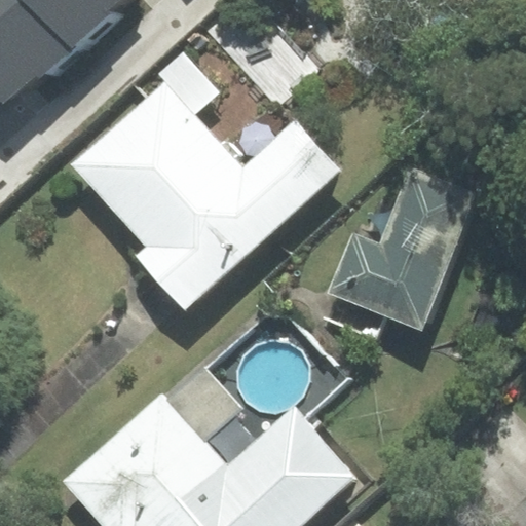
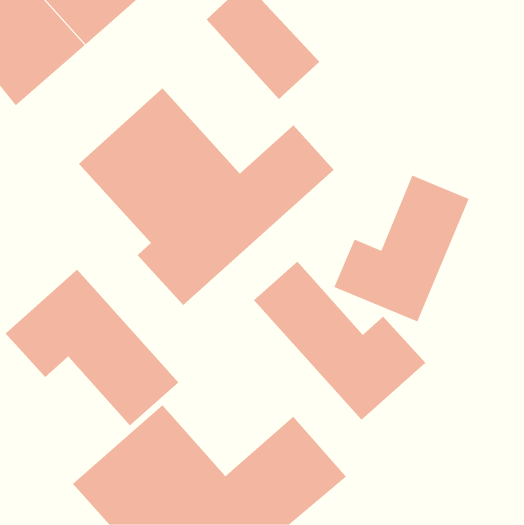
building: none -> [253,261,426,421]
building: none -> [5,269,179,426]

